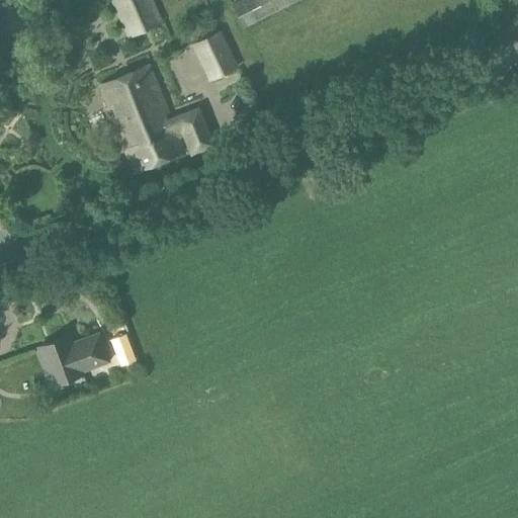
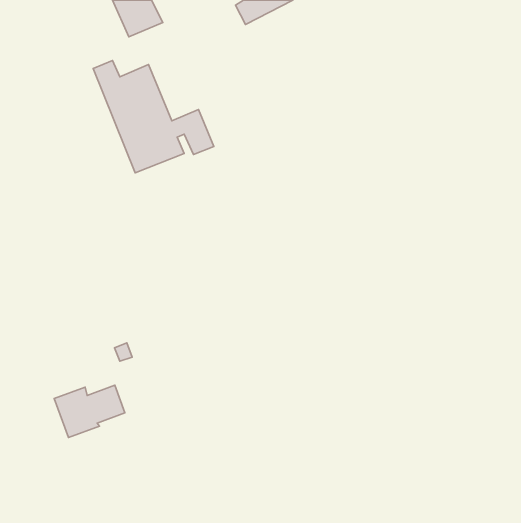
building: [194,30,238,79] -> none
building: [39,334,109,385] -> [54,385,125,437]

